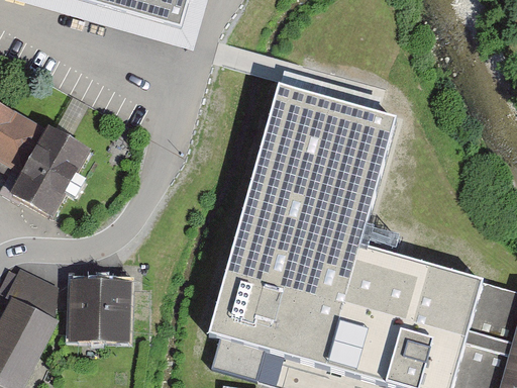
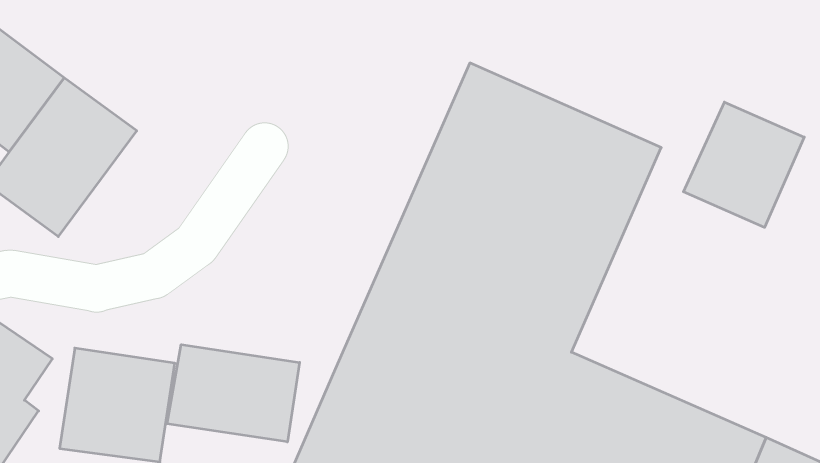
building: none -> [683,102,804,227]
building: none -> [167,345,300,442]

